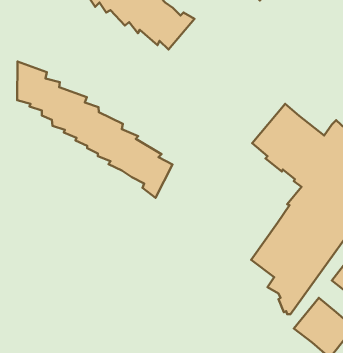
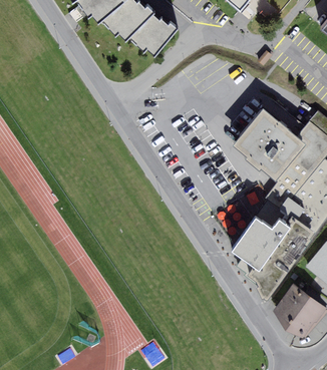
building: [17,61,172,198] -> none

